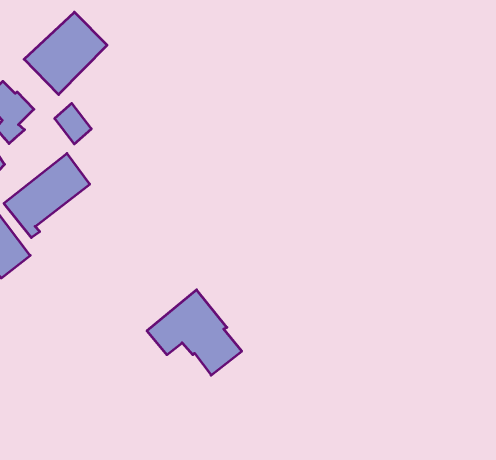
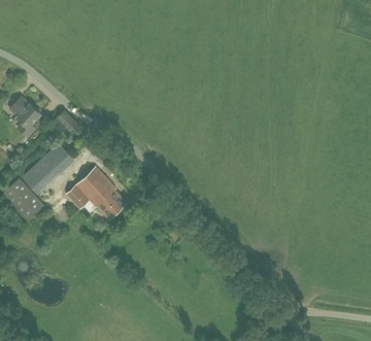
building: [24,12,107,95] -> none
building: [147,290,242,375] -> [65,165,126,218]

